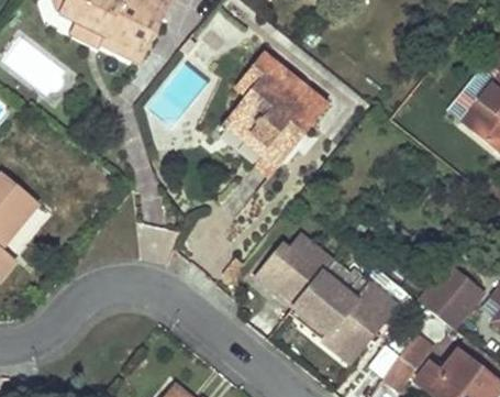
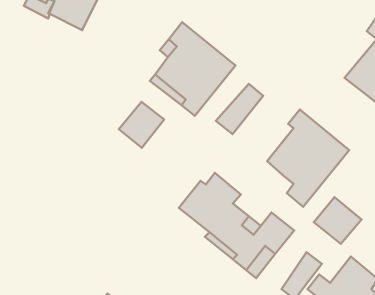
building: none -> [216,84,263,134]
building: none -> [119,102,164,148]
building: none -> [267,110,349,207]

